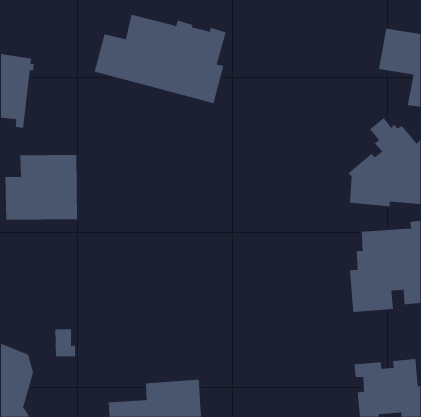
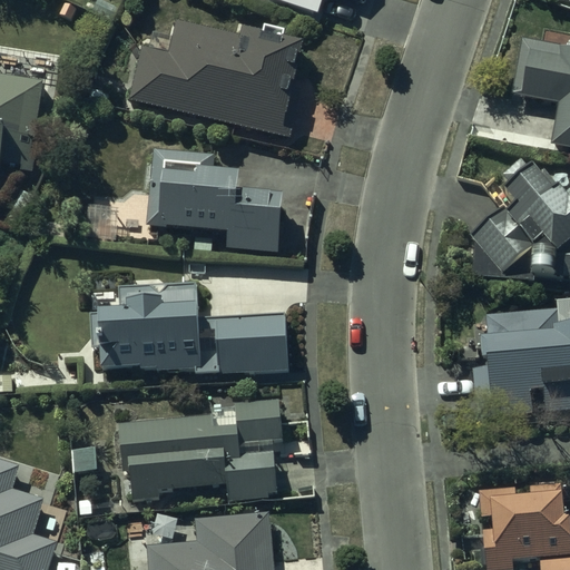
building: none -> [147,148,285,252]
building: [5,154,78,220] -> [99,281,198,370]
building: none -> [217,316,286,373]
building: none -> [119,399,282,500]

